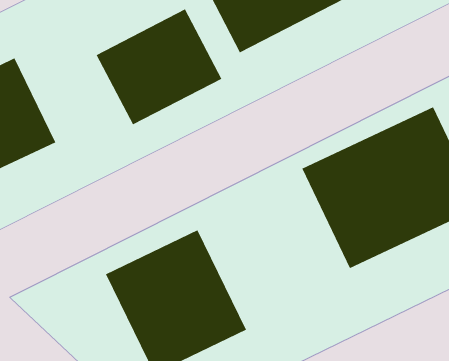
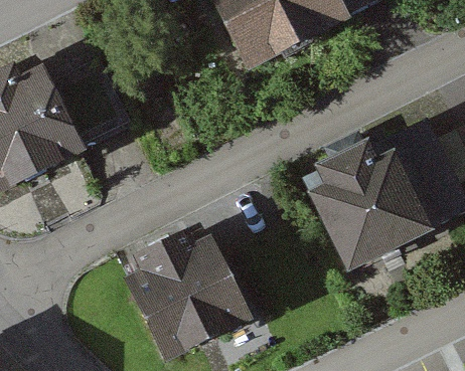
building: [96,9,222,125] -> none

